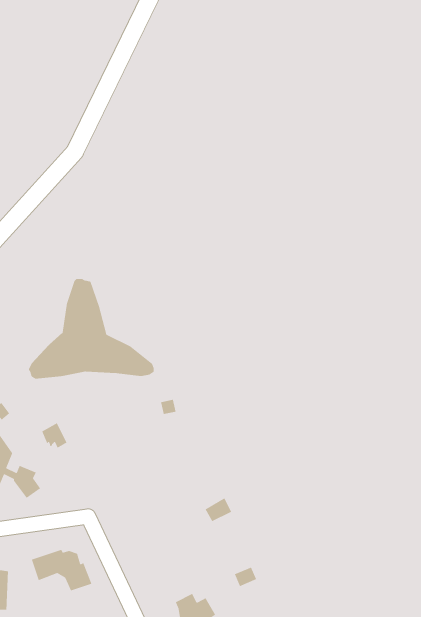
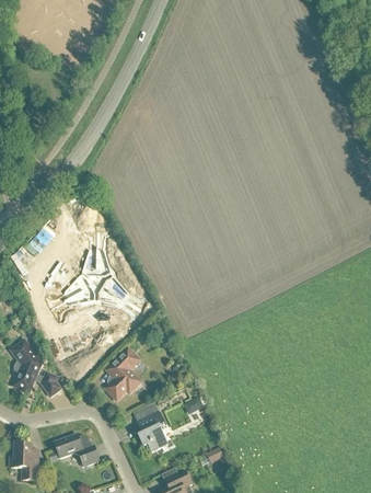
building: none -> [104,348,140,400]
building: none -> [137,402,166,451]

